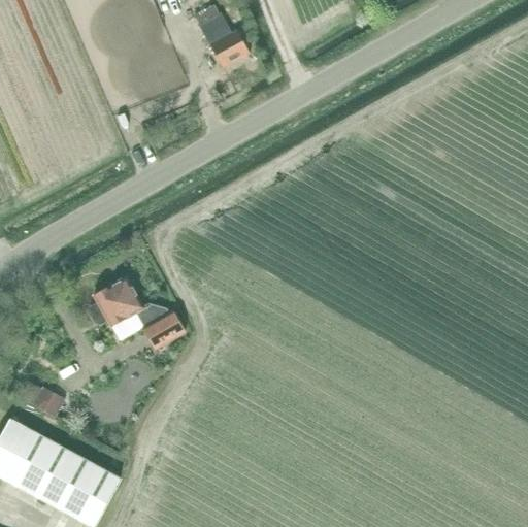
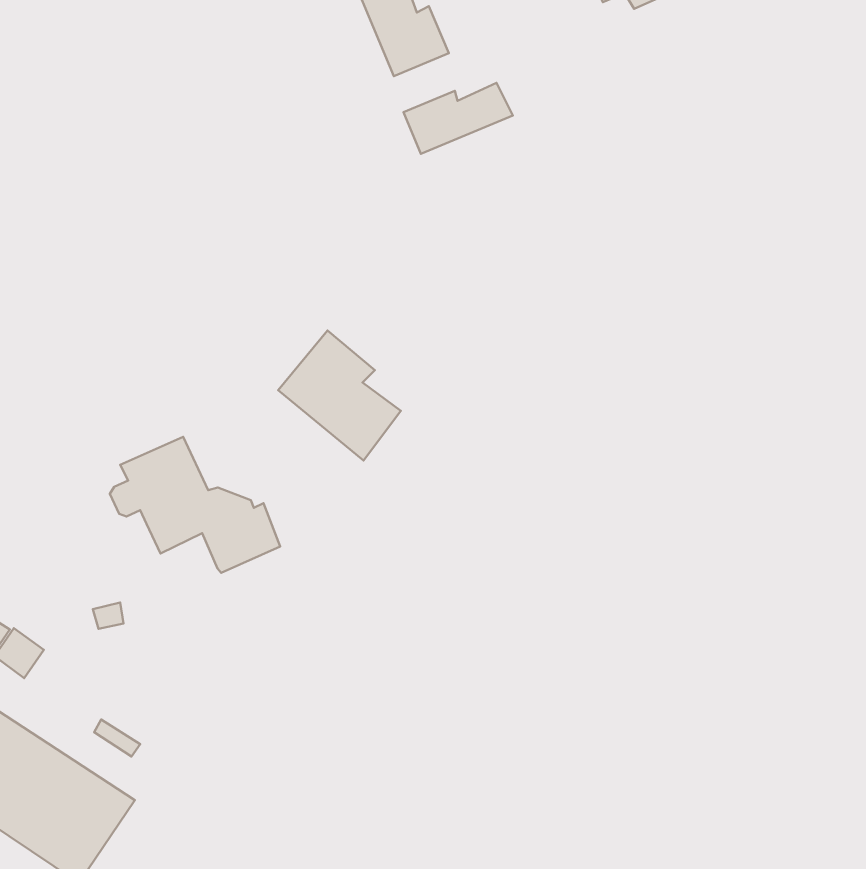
building: none -> [403,83,513,154]
building: none -> [278,331,401,460]

